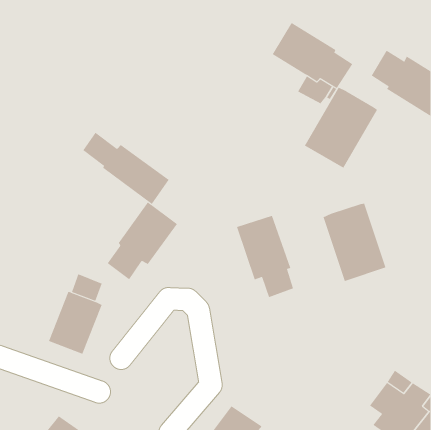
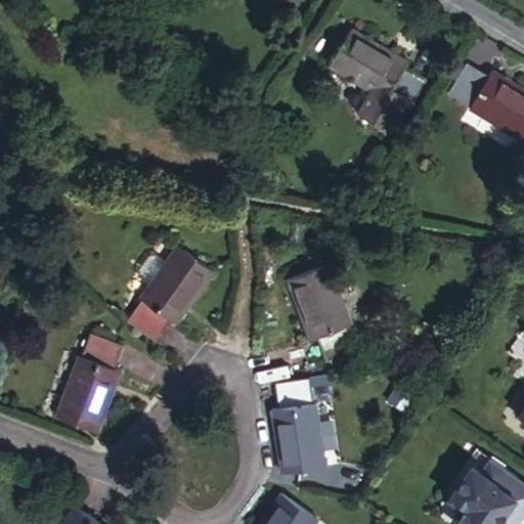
building: [304,87,378,169] -> none
building: [82,132,169,205] -> none
building: [323,203,386,282] -> none
building: none -> [269,378,323,473]

